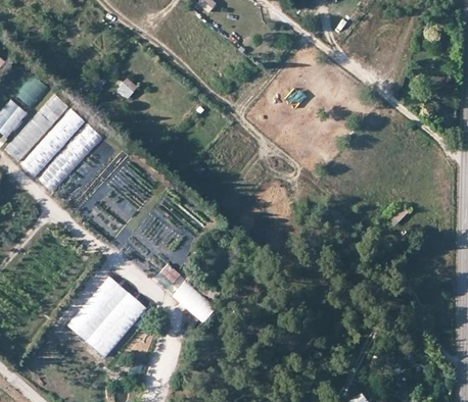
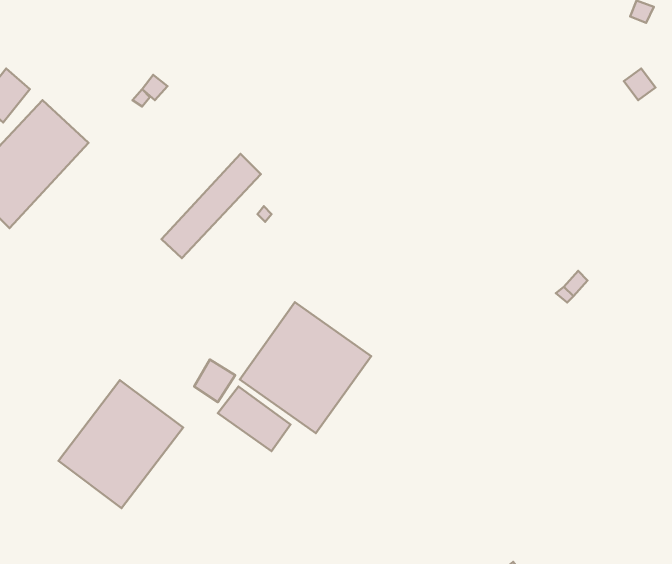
building: [38,125,102,193] -> [161,154,261,258]
building: none -> [240,302,371,433]

